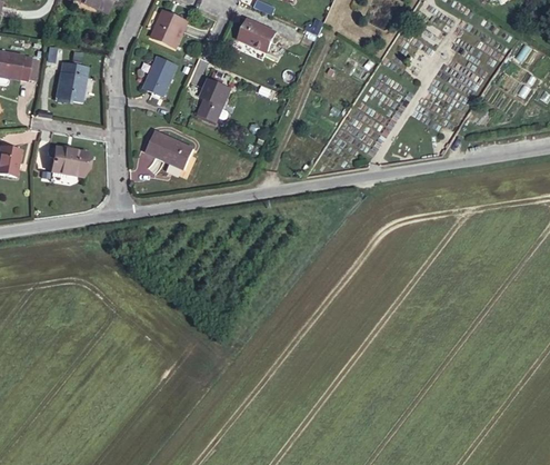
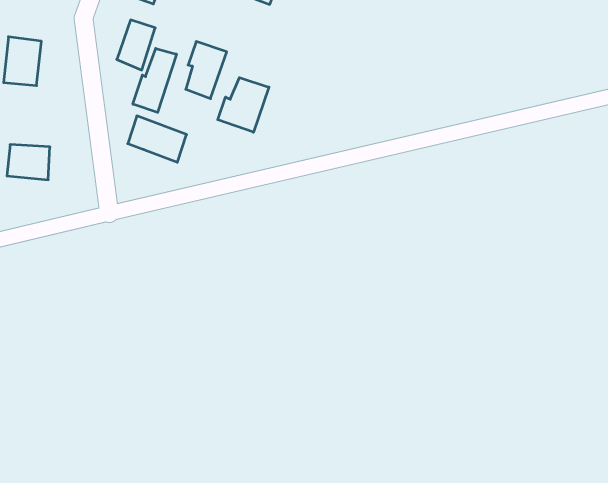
building: none -> [133,48,176,112]
building: none -> [218,78,269,132]

